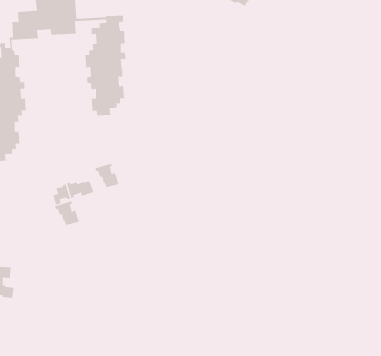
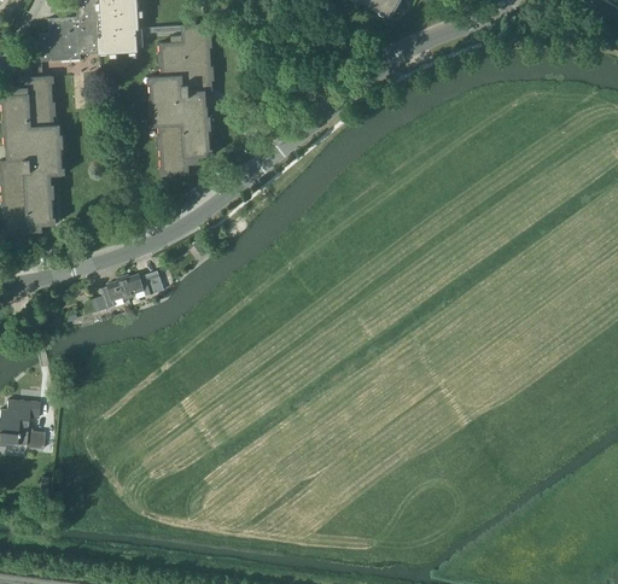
building: [95,163,119,188] -> none
building: [55,200,79,226] -> none

